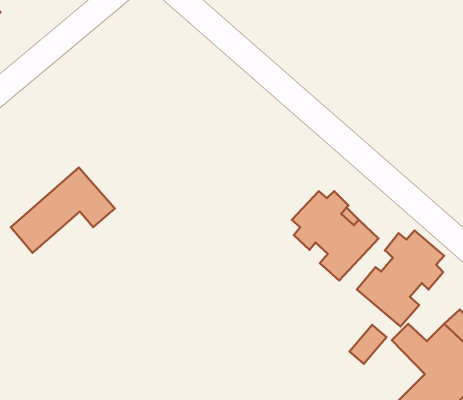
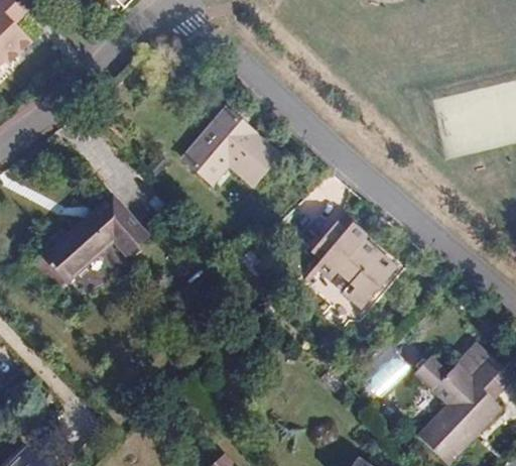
building: none -> [185,115,283,192]
building: [357,231,444,326] -> none

